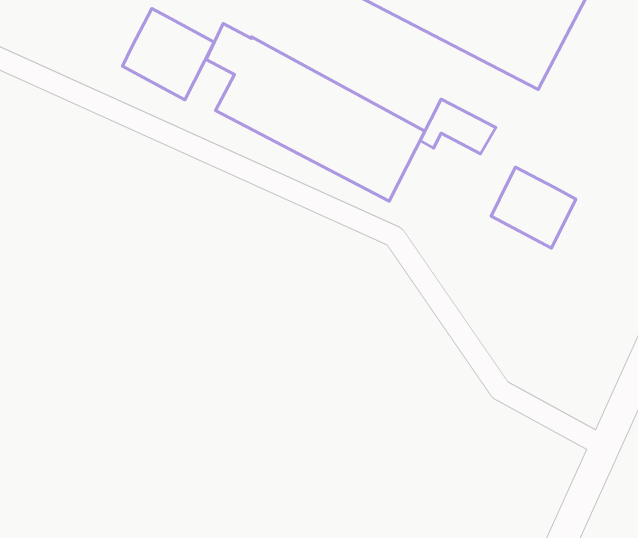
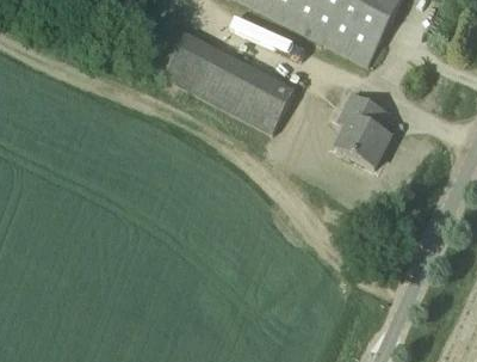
building: [122,8,214,100] -> none
building: [420,99,496,154] -> [339,92,386,127]

